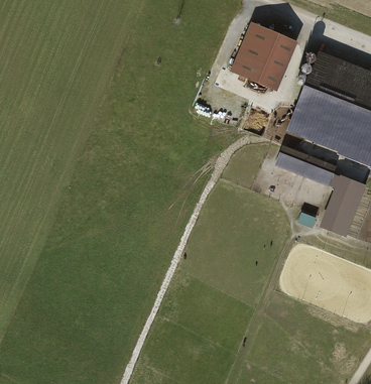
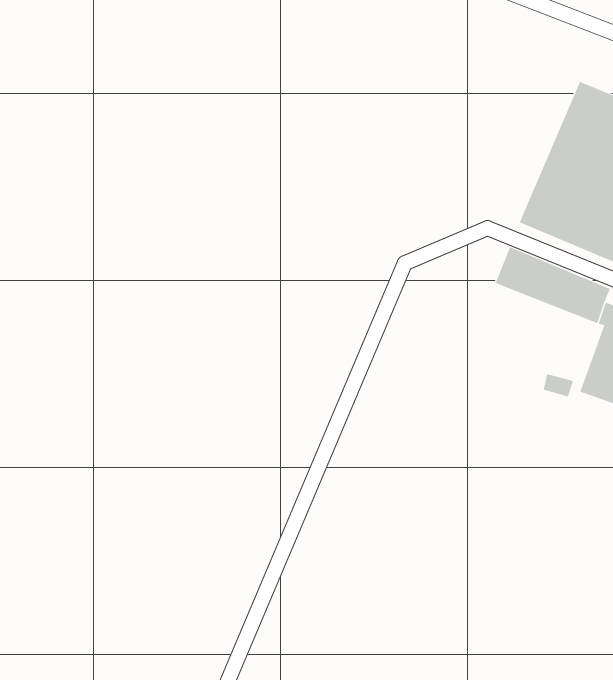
building: [228,22,297,97] -> none

